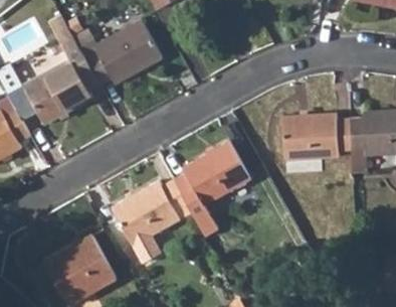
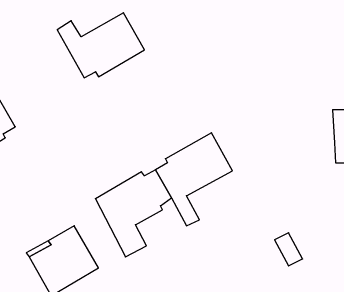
building: [23,30,102,123] -> none
building: [283,114,353,159] -> none

